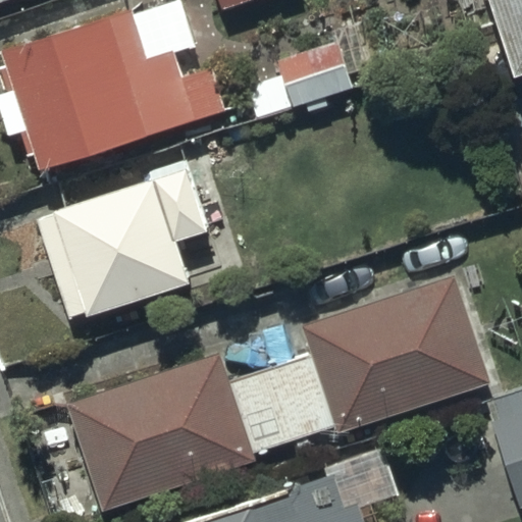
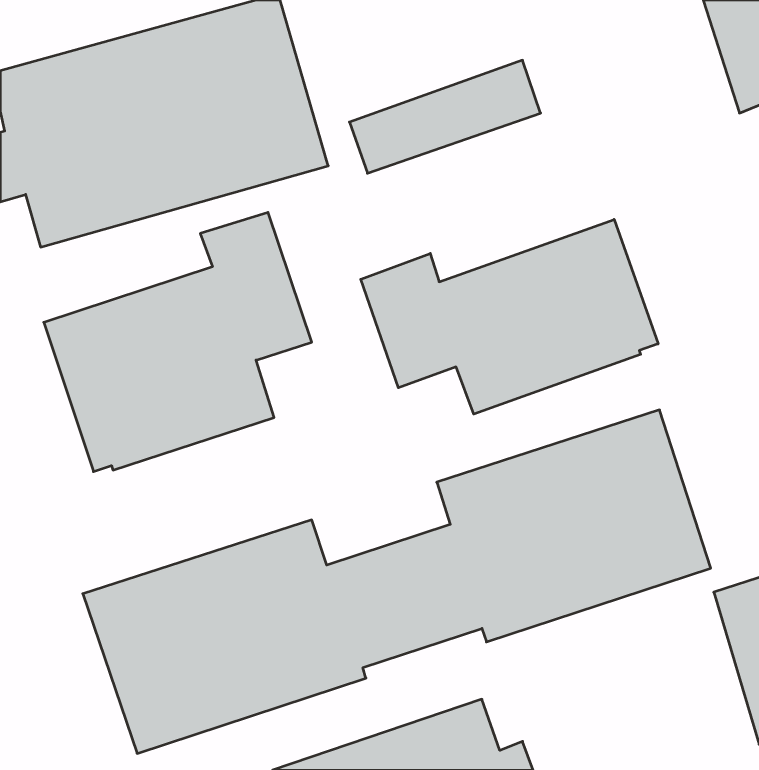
building: none -> [361,219,658,414]

